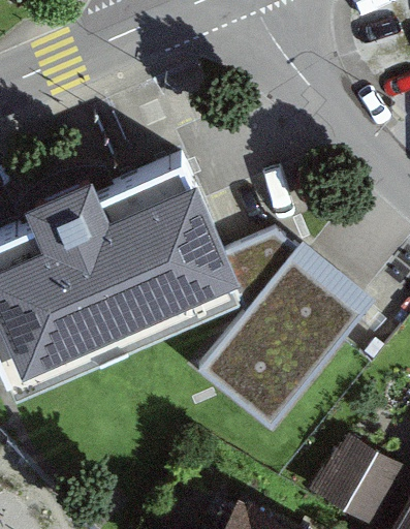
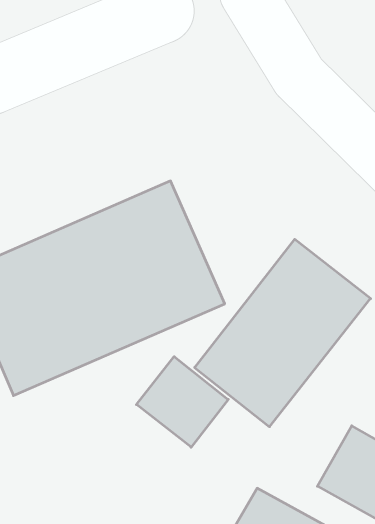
building: none -> [136,357,228,447]

